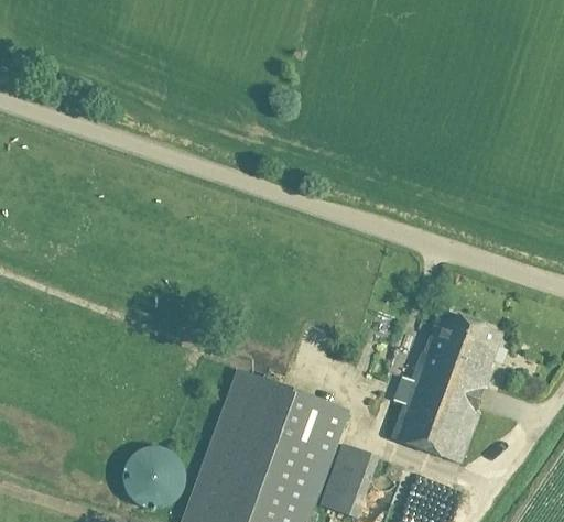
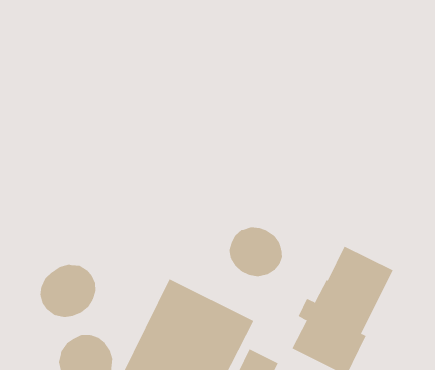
building: none -> [229,227,282,277]
building: none -> [40,264,96,318]

